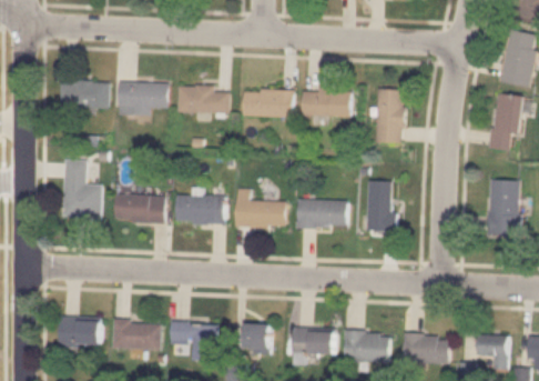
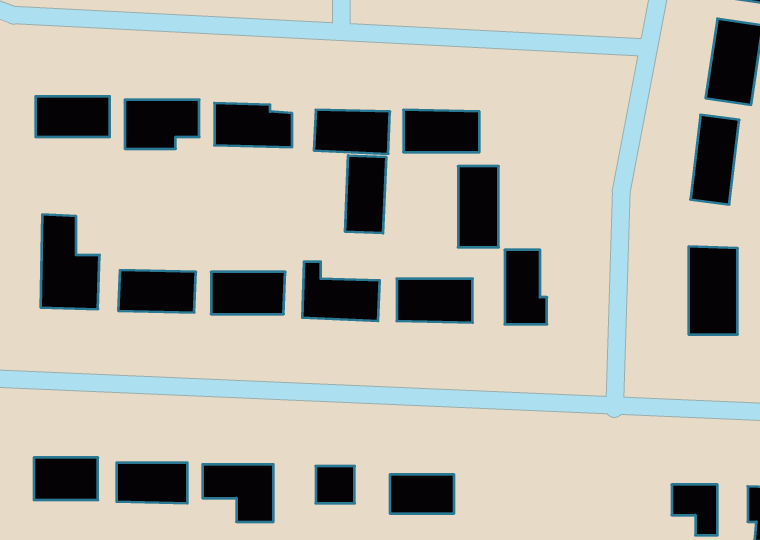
building: [376,89,403,142] -> [458,166,499,247]
building: none -> [345,155,386,233]
building: [344,331,388,361] -> none
building: [403,334,448,363] -> none

